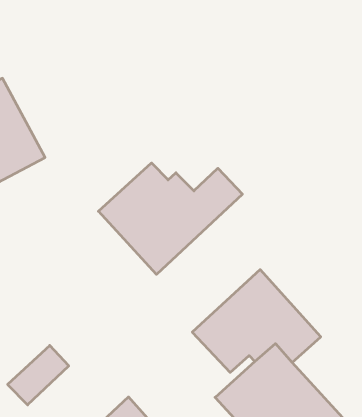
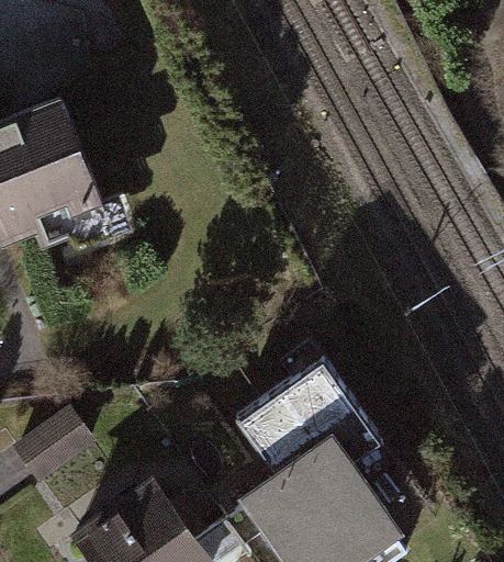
building: [98,163,242,274] -> none

